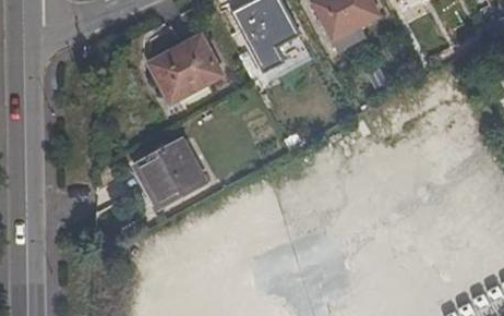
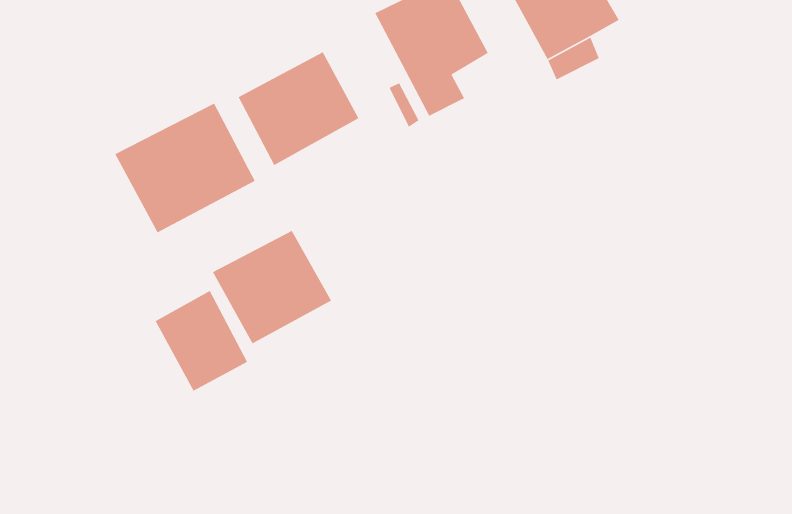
building: none -> [114,102,256,234]
building: none -> [154,290,248,392]

